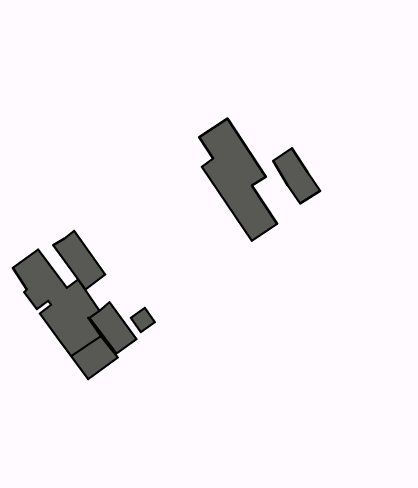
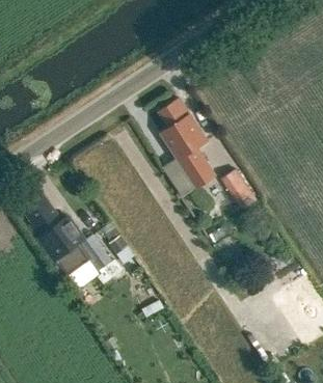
building: [273,148,320,204] -> [225,168,260,209]
building: [53,231,105,289] -> none

